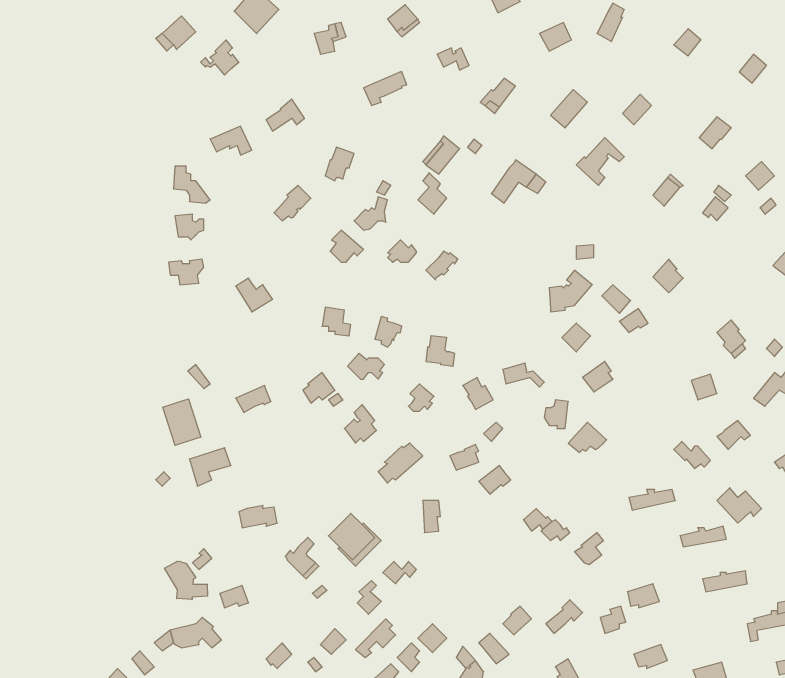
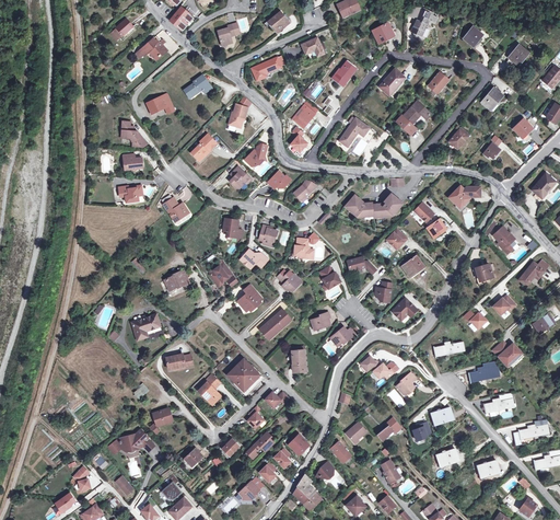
building: none -> [346,194,376,220]
building: [163,399,201,445] -> none
building: [165,561,207,600] -> none

